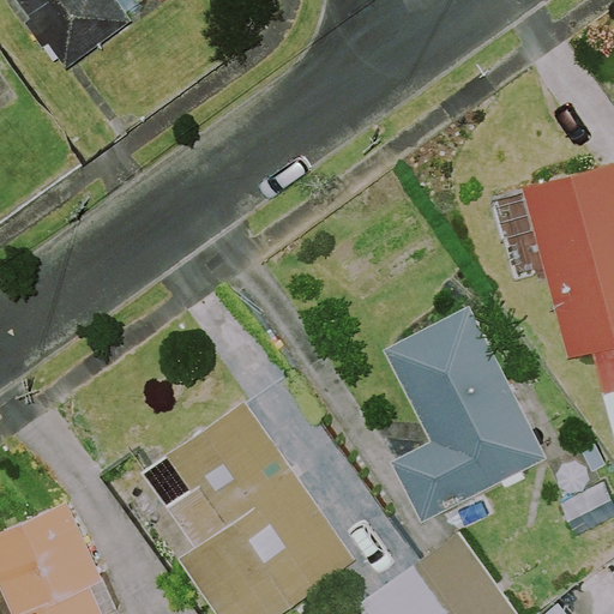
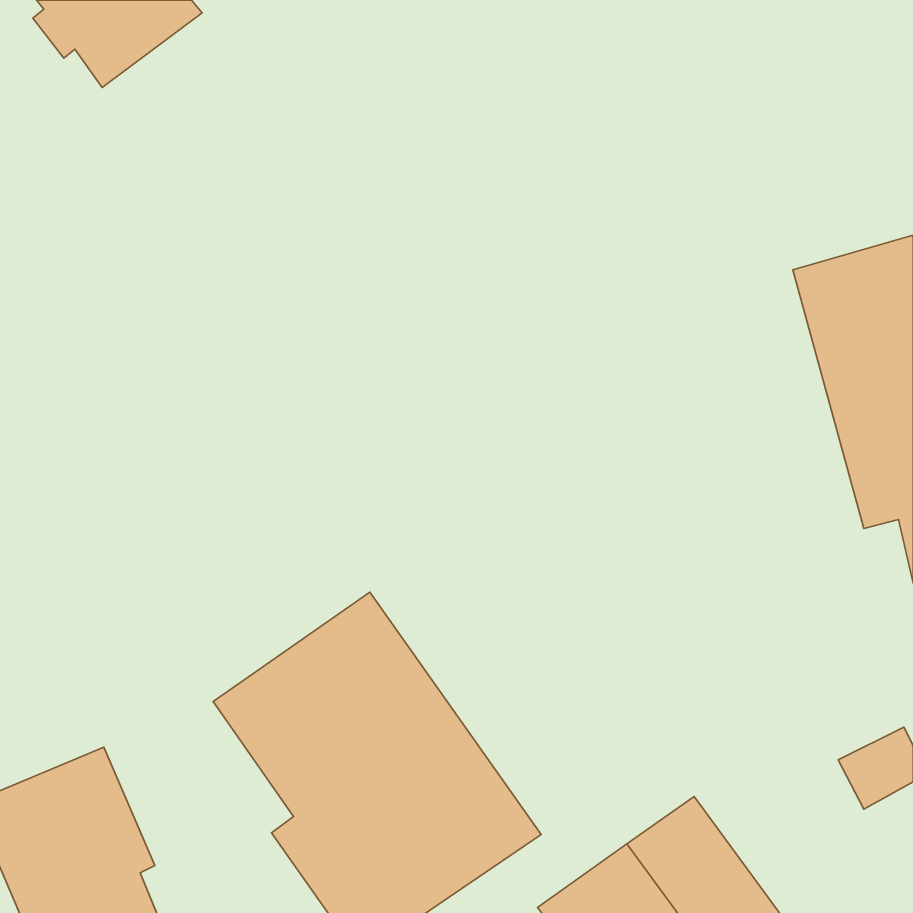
building: [384,306,549,524] -> none

